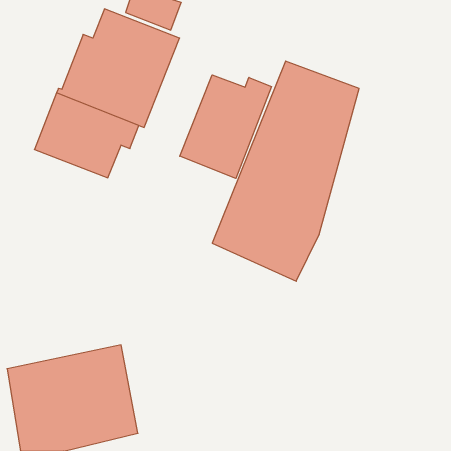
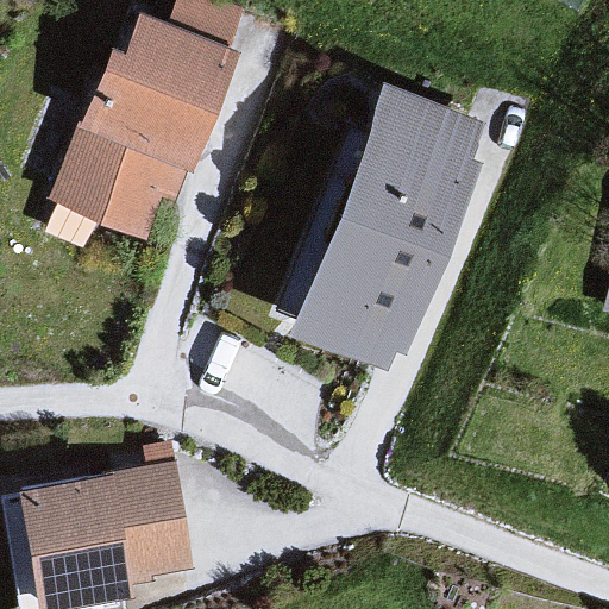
building: [180,75,272,178] -> none

